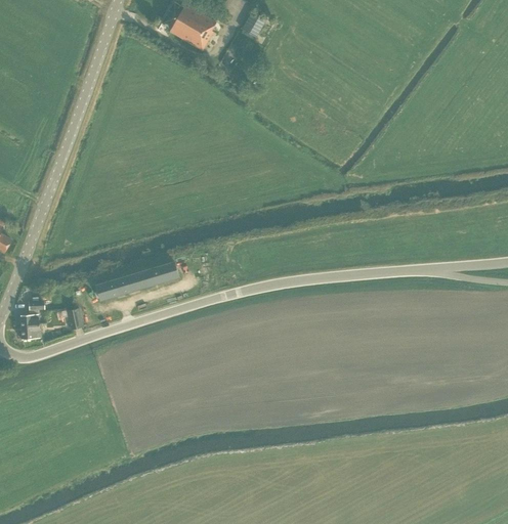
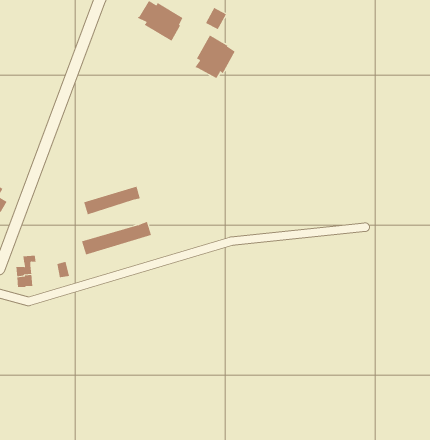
building: none -> [195,34,236,79]
building: none -> [84,186,141,215]

